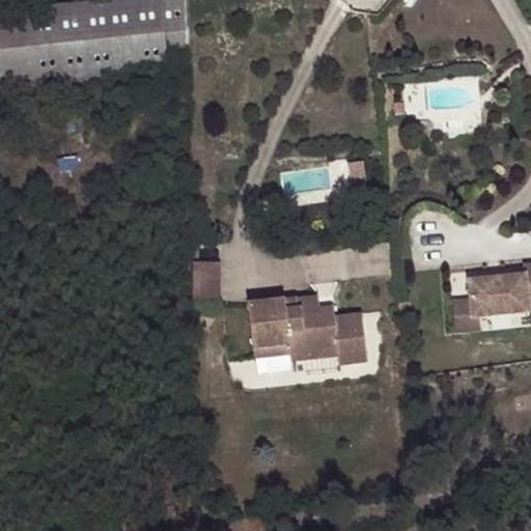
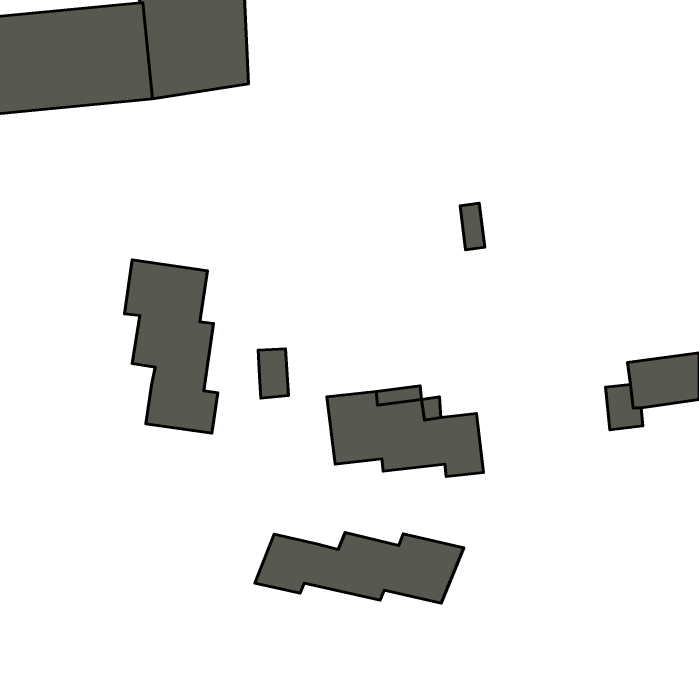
building: none -> [124,260,218,433]
building: none -> [255,533,464,603]

